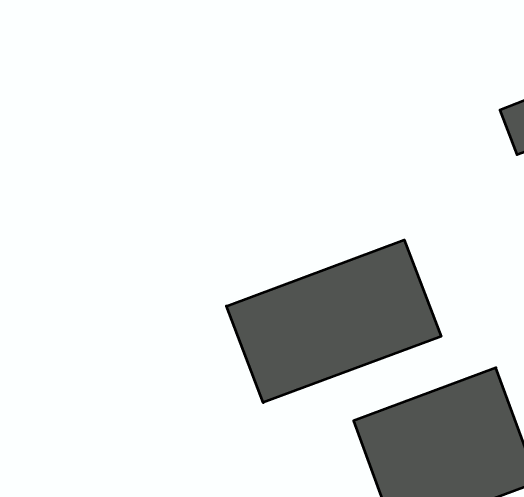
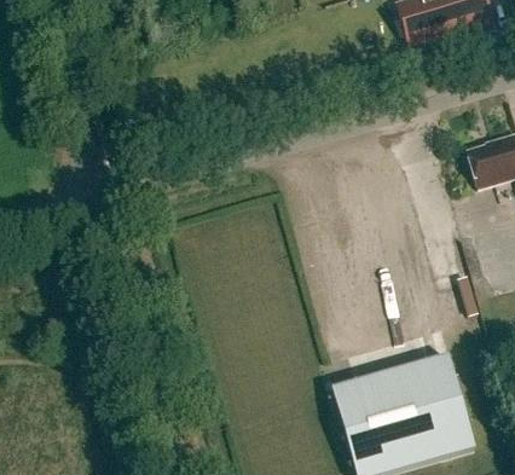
building: [226,240,441,403] -> none

